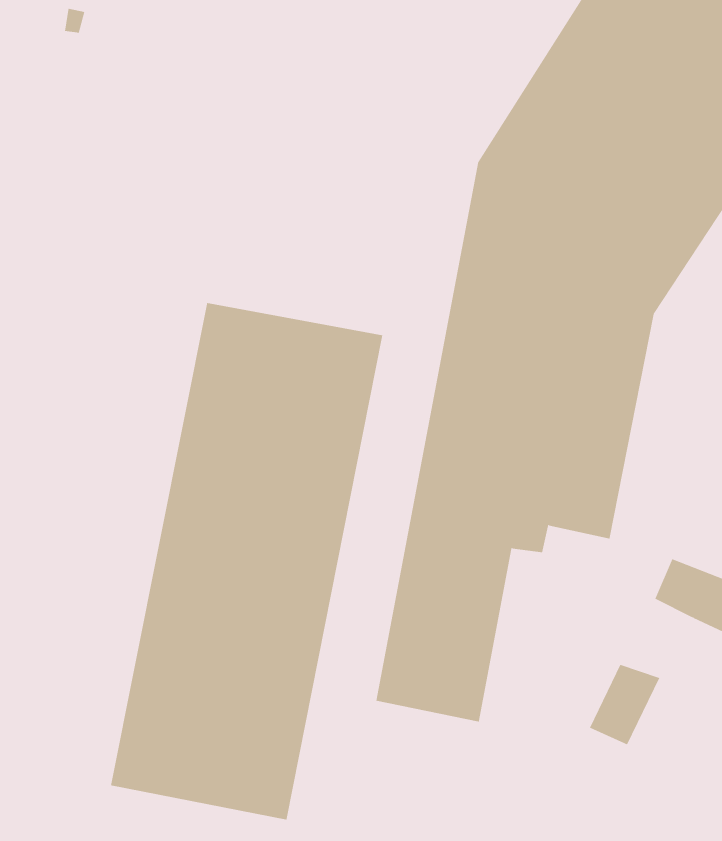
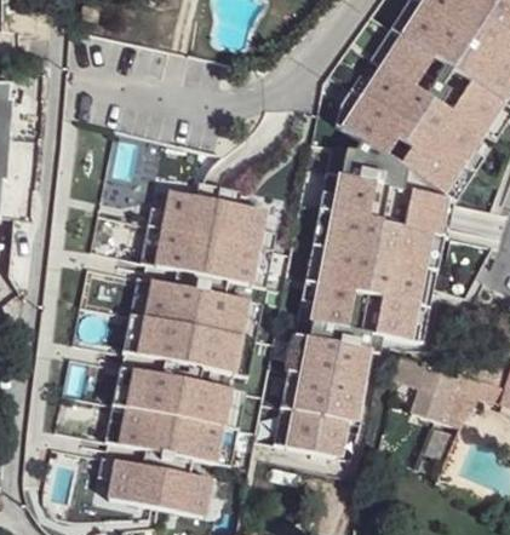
building: none -> [389,361,474,424]

